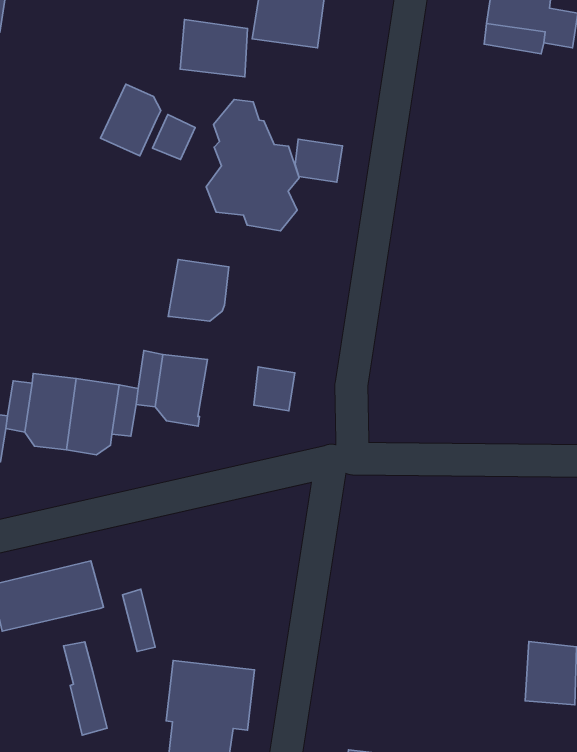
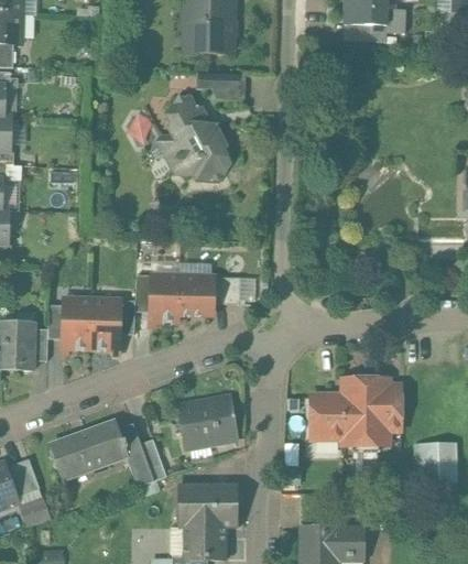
building: [180,20,248,77] -> none
building: [101,84,161,156] -> none
building: [295,139,343,182] -> [213,73,243,99]
building: [168,259,229,321] -> [177,274,215,314]
building: none -> [309,377,401,444]
building: none -> [179,397,235,446]
building: [63,642,107,735] -> [118,422,154,486]

